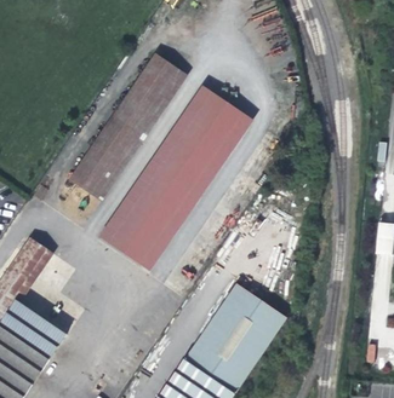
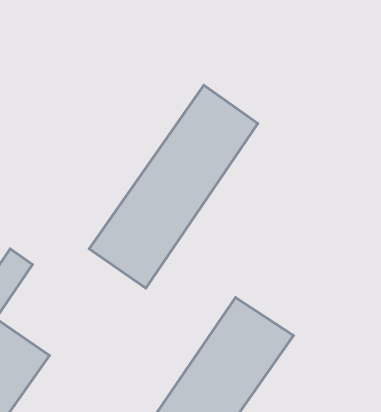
building: [69,51,179,192] -> none

